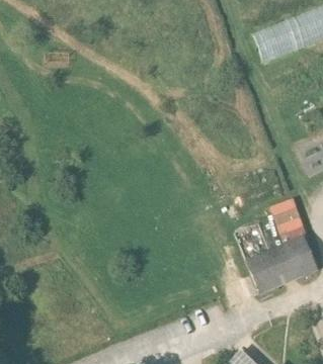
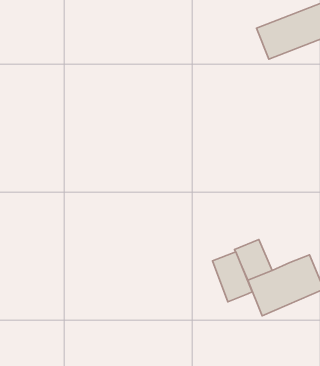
building: [271,198,308,244] -> [213,252,252,302]

